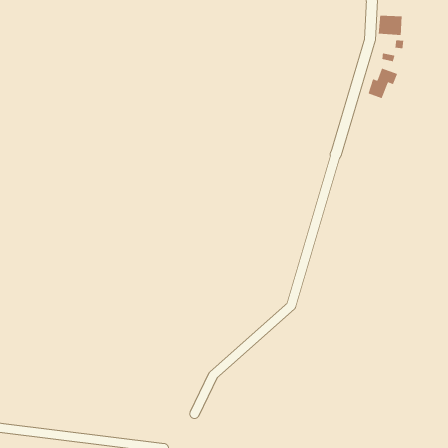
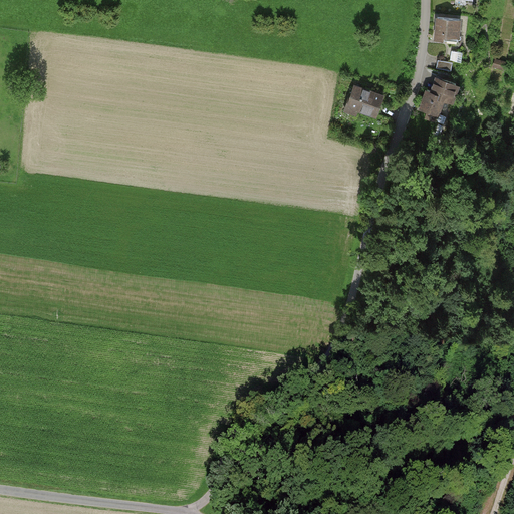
building: none -> [347,86,383,117]

